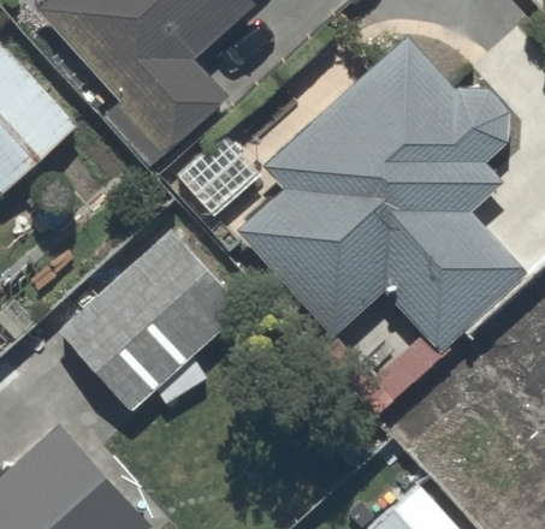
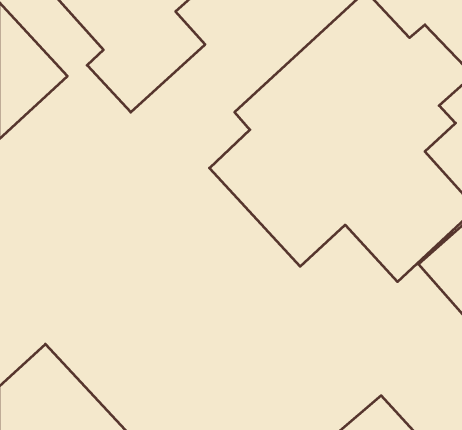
building: [57,227,243,412] -> none

